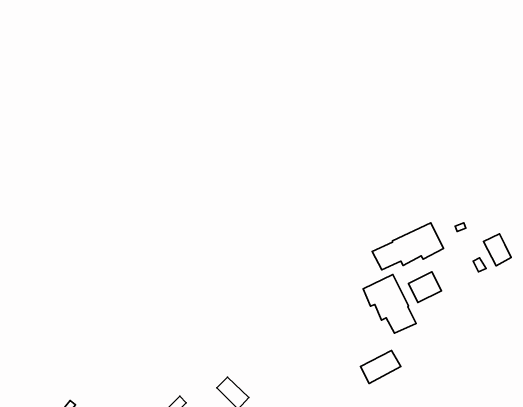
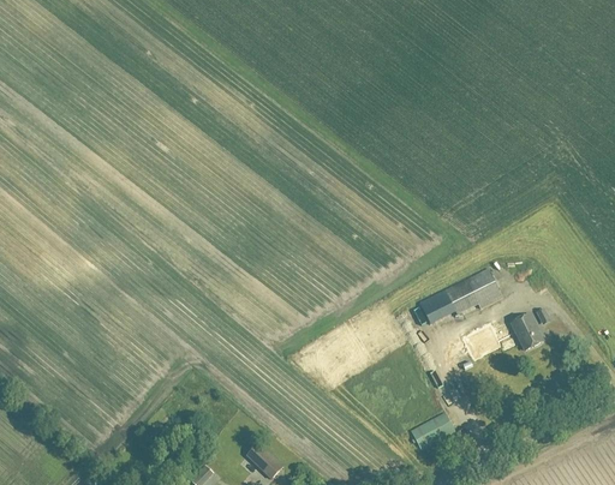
building: [484,234,511,266] -> [512,313,543,349]
building: [363,275,416,333] -> none

